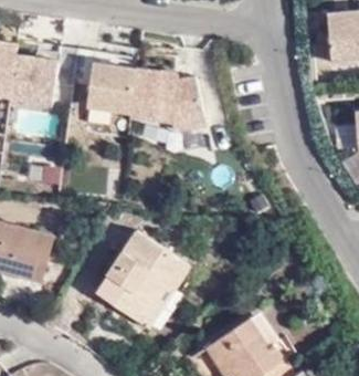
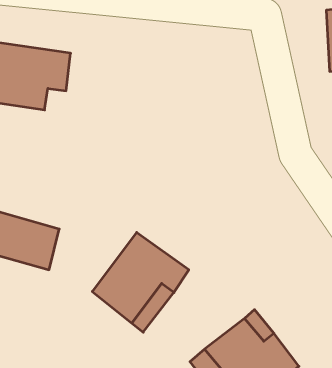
building: [82,46,204,133] -> none

